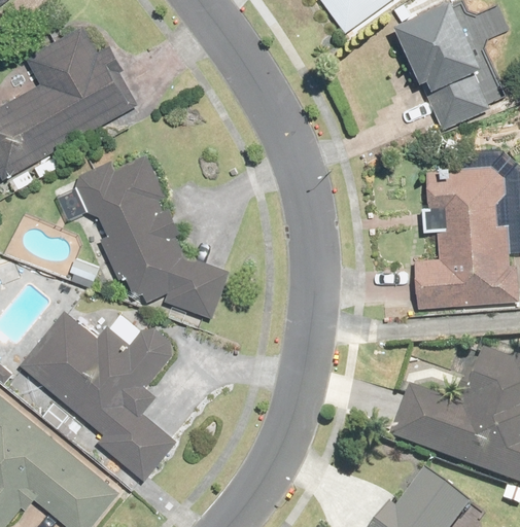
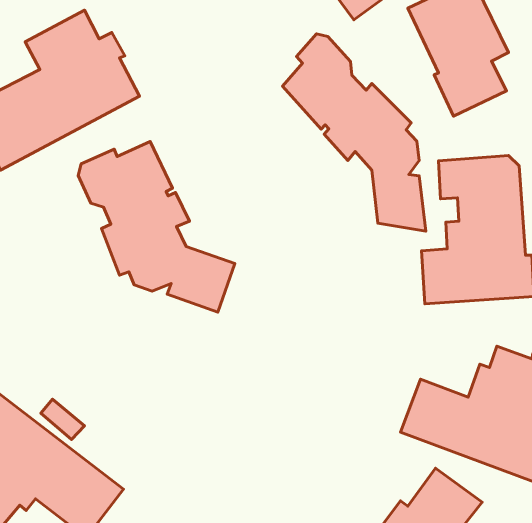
building: none -> [283,34,426,231]
building: [14,305,177,483] -> none

